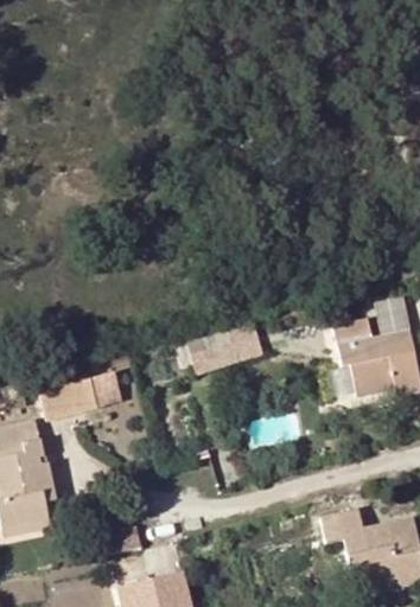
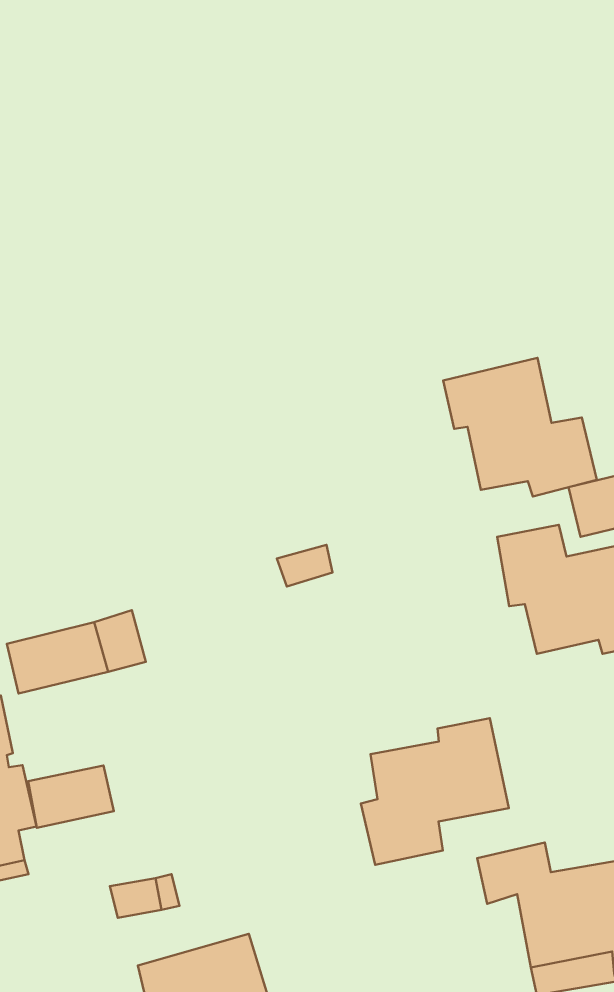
building: none -> [443,358,597,497]
building: none -> [361,718,509,865]
building: none -> [28,765,114,828]

